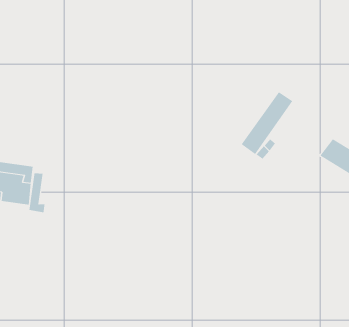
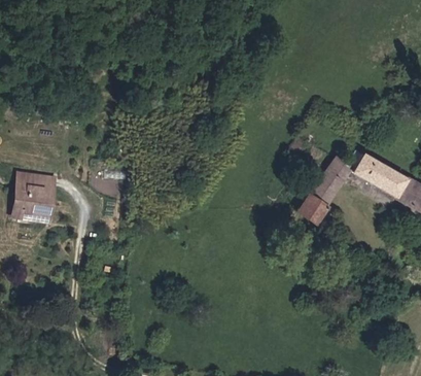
building: [241,91,293,155] -> [299,152,353,218]
building: [29,173,45,213] -> none

